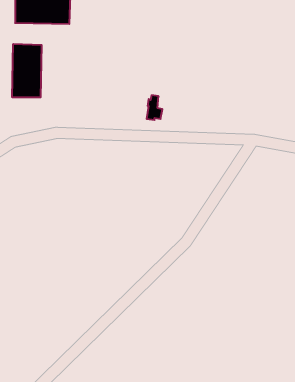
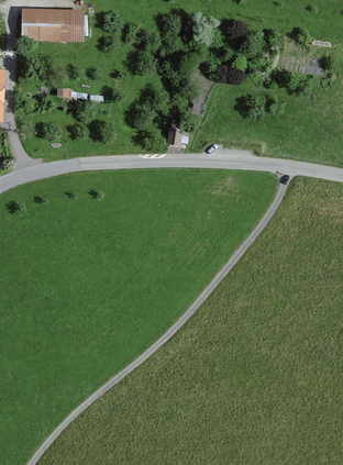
building: [12,44,42,97] -> none

